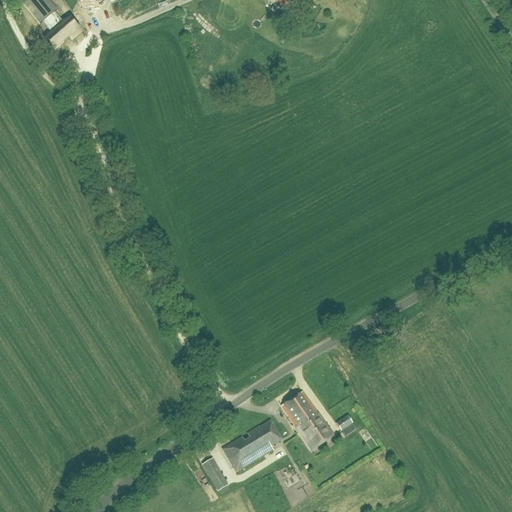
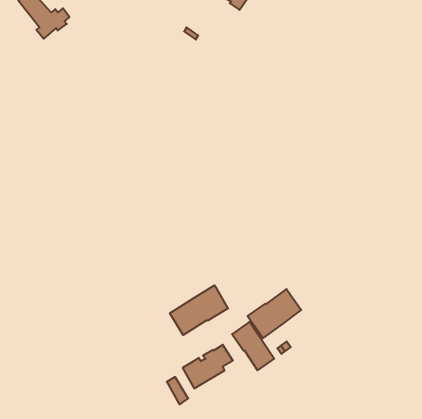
building: none -> [170,285,228,335]
building: none -> [248,289,301,338]

